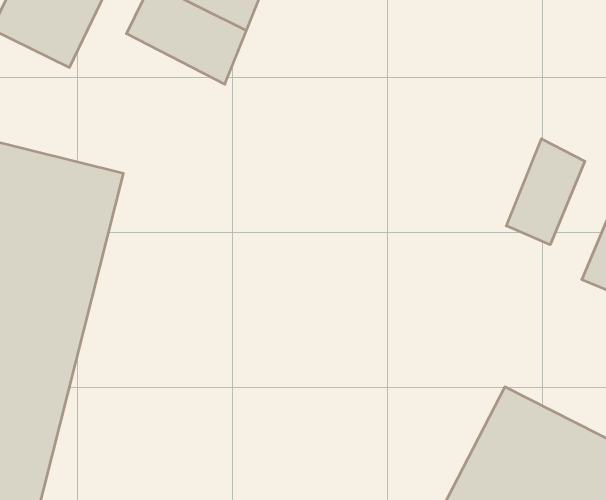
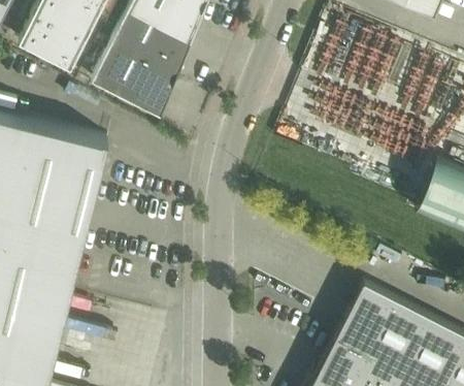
building: none -> [91,46,175,118]
building: [506,139,585,245] -> none

